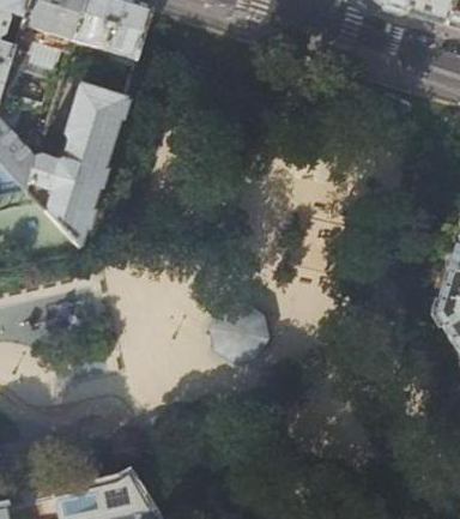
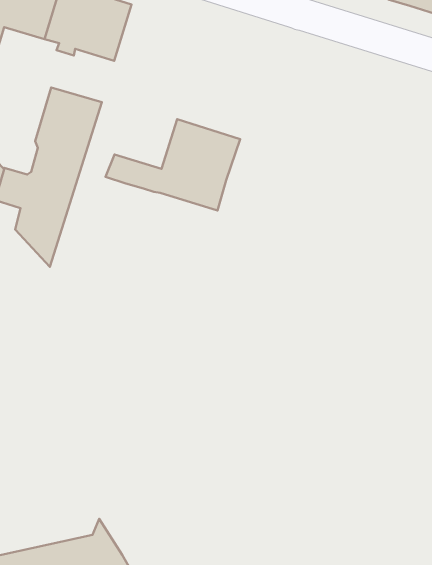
building: none -> [106,119,240,210]
building: [208,303,270,363] -> none

